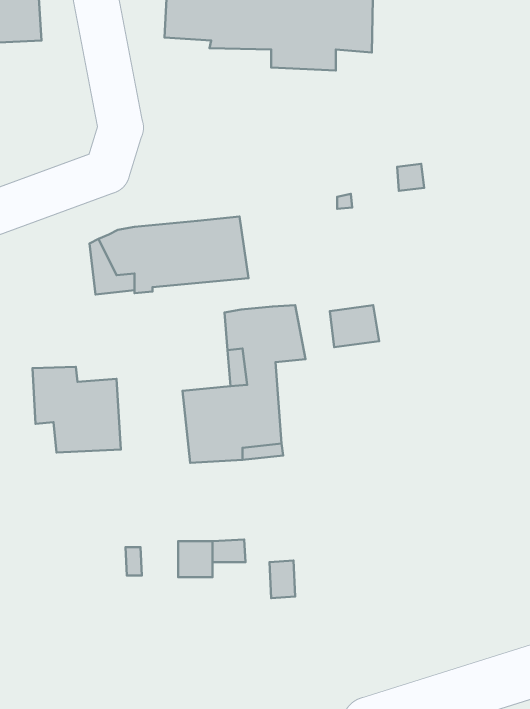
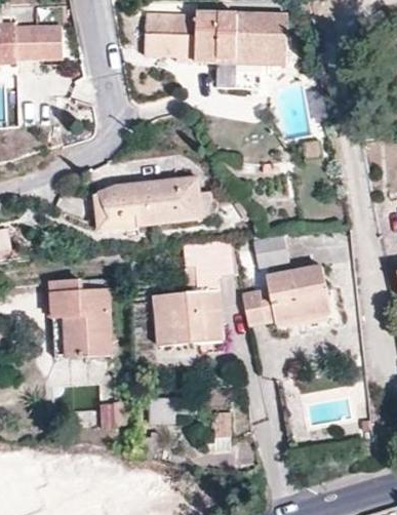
building: none -> [244,266,331,324]
building: none -> [54,317,114,356]

